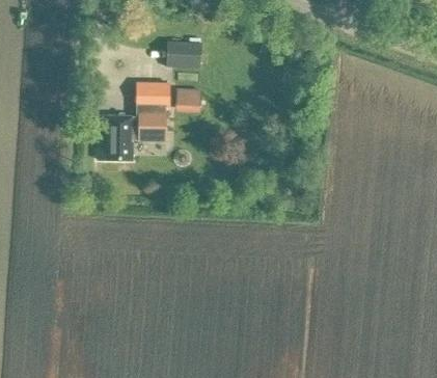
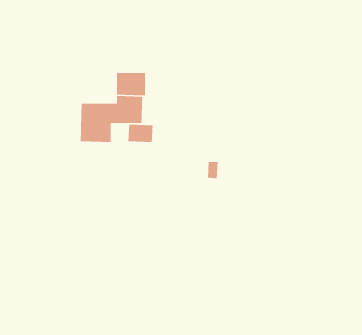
building: [167,40,201,69] -> none
building: [174,91,202,112] -> [128,124,153,143]

